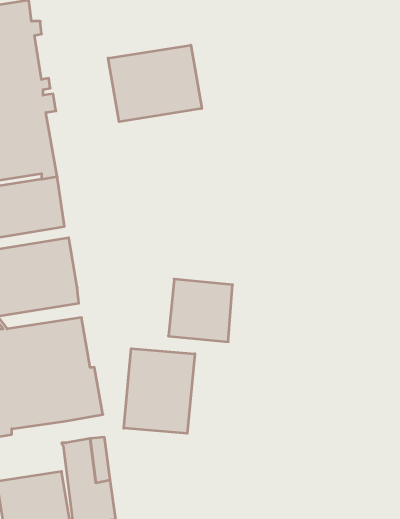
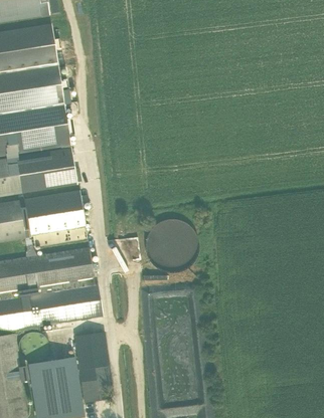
building: [108,45,202,122] -> none
building: [124,349,195,433] -> none

